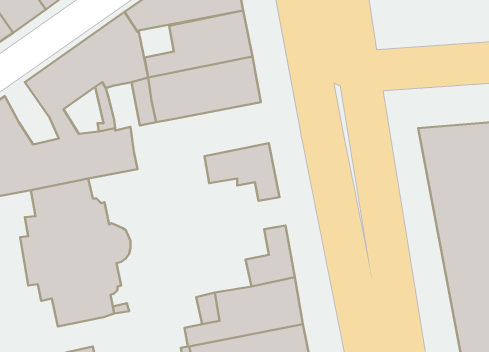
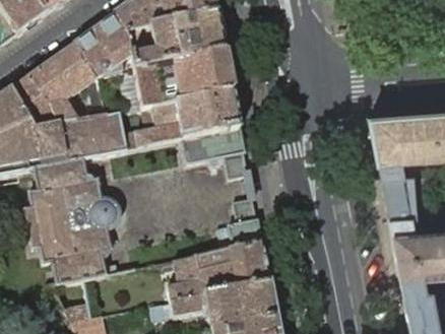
building: none -> [10,74,57,128]
building: none -> [122,91,239,149]

